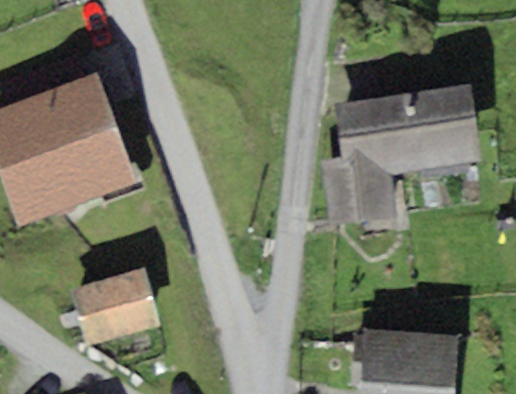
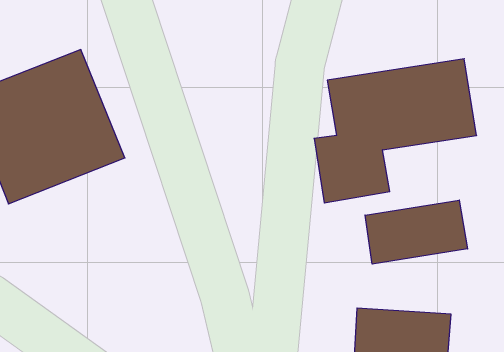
building: none -> [365,200,468,264]
building: [86,272,173,344] -> none

